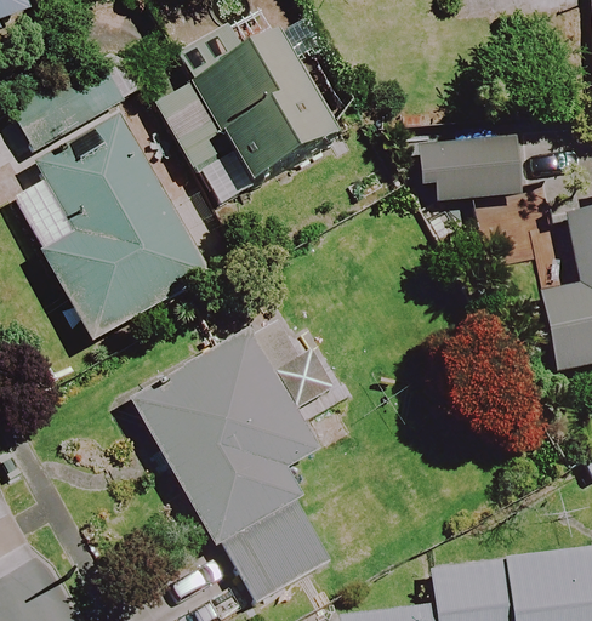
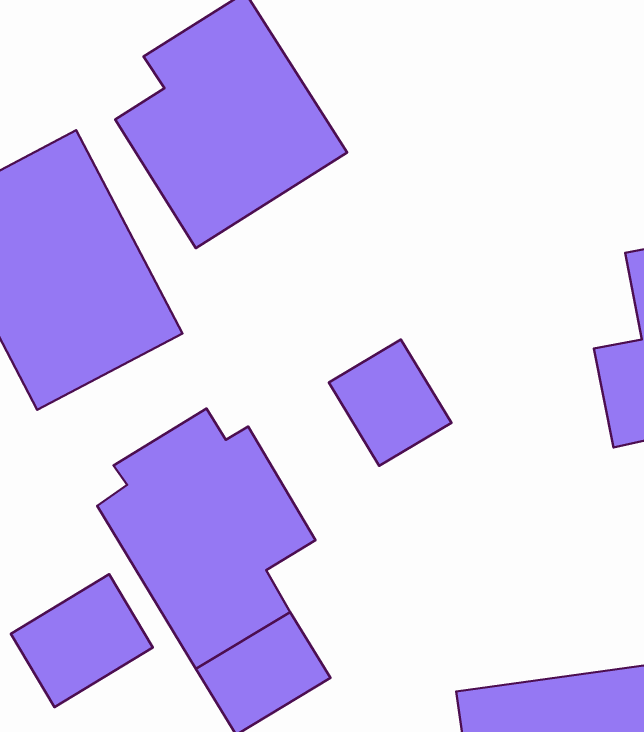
building: [419,136,533,212] -> none
building: none -> [329,339,451,466]
building: none -> [11,574,153,707]

